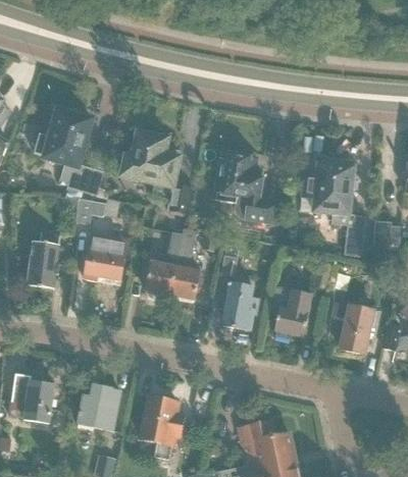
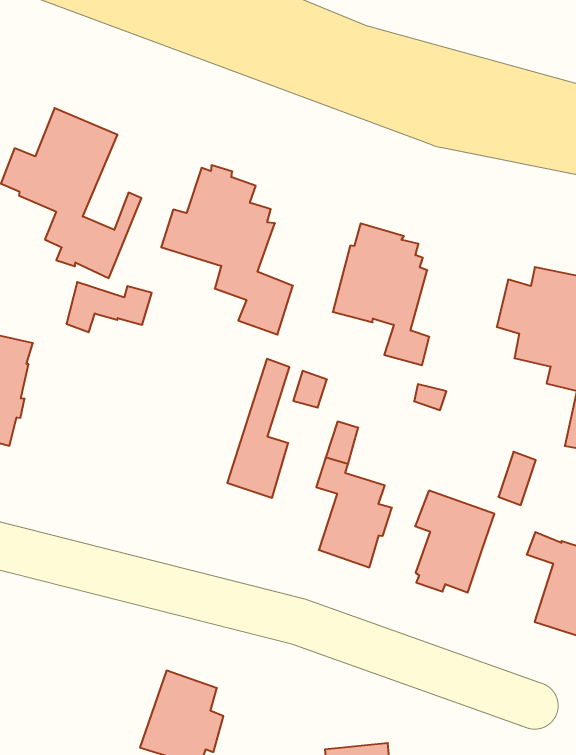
building: [146,226,184,294] -> none
building: [84,231,127,280] -> none
building: [78,384,119,428] -> none

